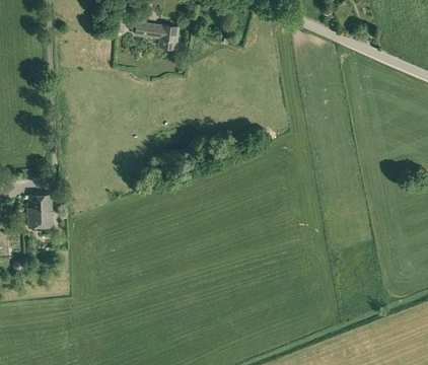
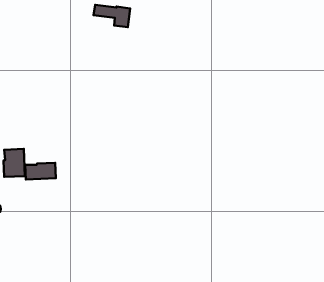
building: none -> [25,163,56,180]

